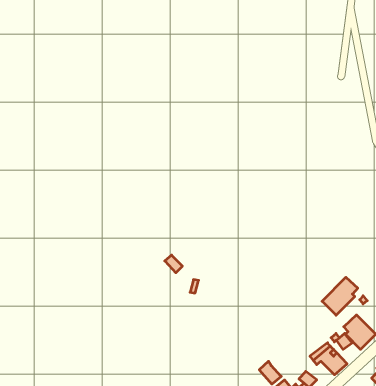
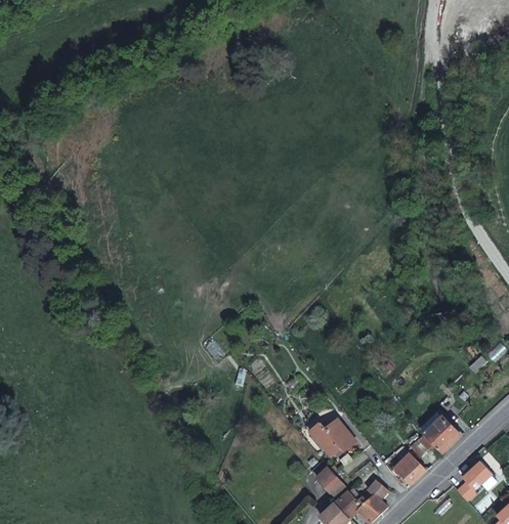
building: [322,277,358,315] -> none
building: none -> [311,423,355,457]

